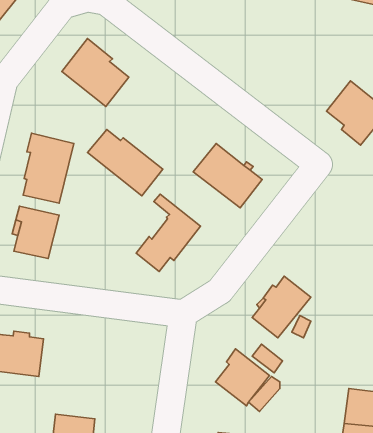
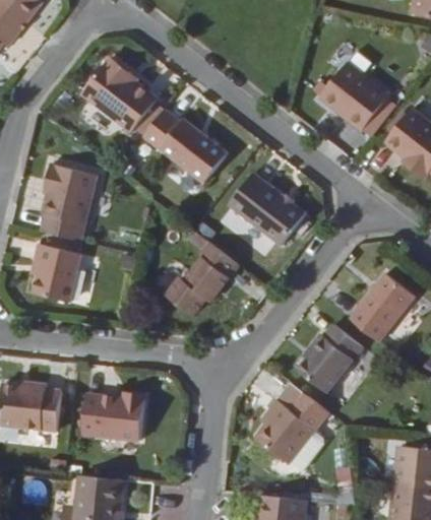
building: none -> [317,63,384,129]
building: [87,129,163,196] -> [146,112,230,185]
building: none -> [354,271,416,342]
building: none -> [80,392,142,441]

